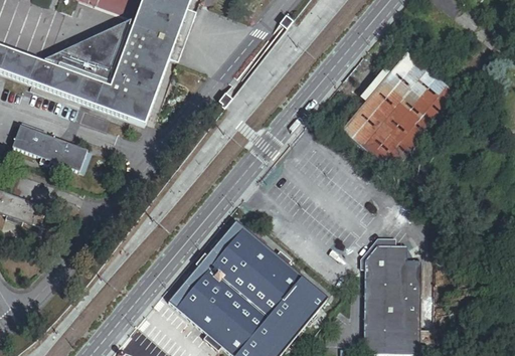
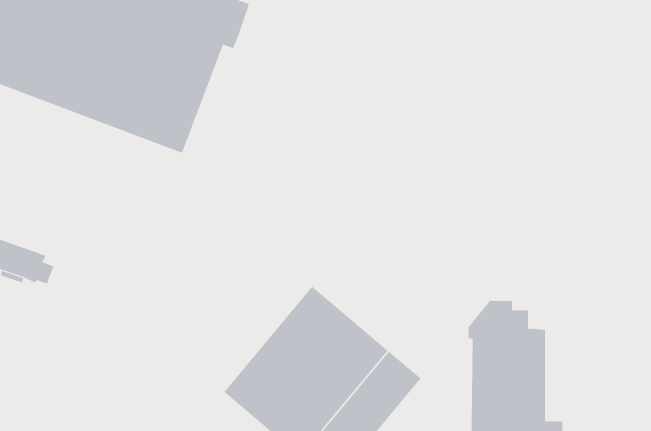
building: [341,52,457,172] -> none
building: [12,125,88,170] -> none

